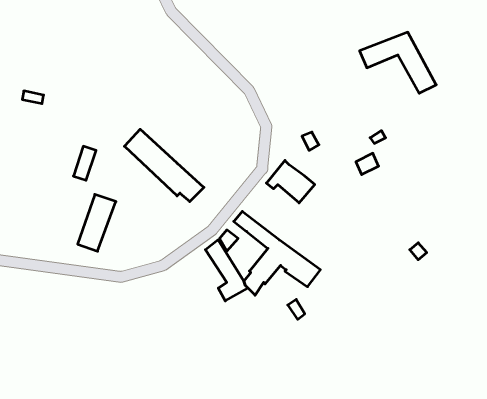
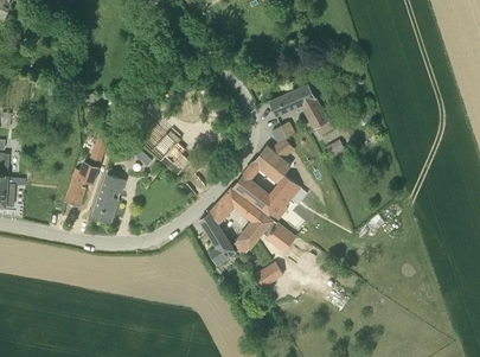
building: [360,32,436,93] -> [270,85,334,136]
building: none -> [65,162,98,205]
building: none -> [235,174,301,219]

